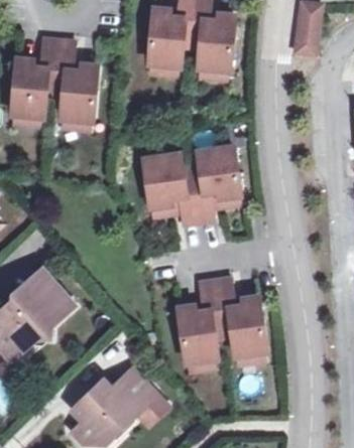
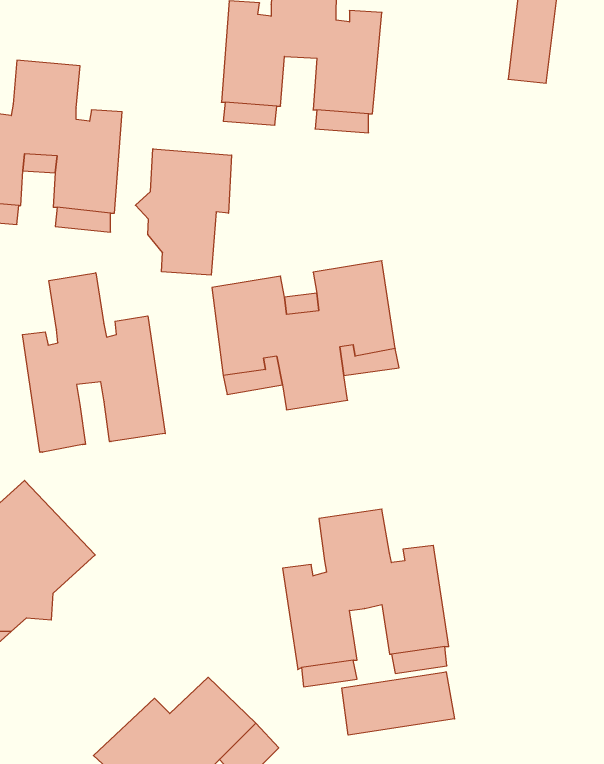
building: none -> [135,149,232,275]
building: none -> [22,273,165,452]
building: none -> [342,672,455,735]

